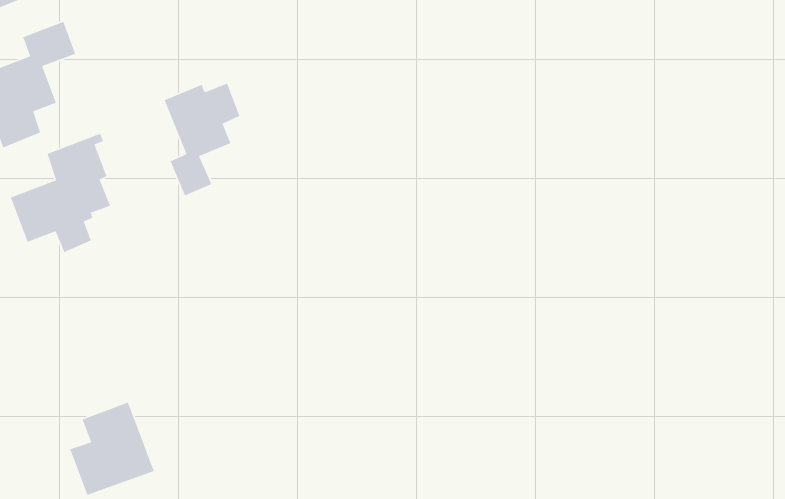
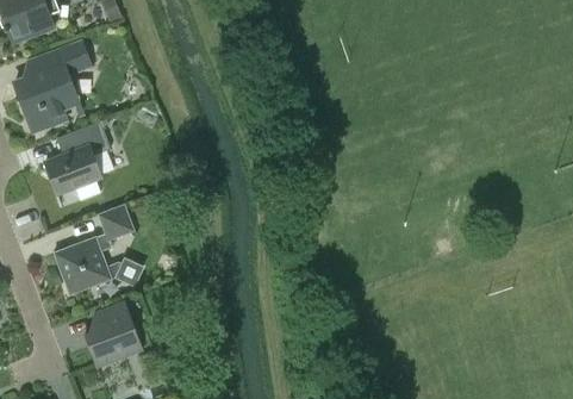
building: [164,83,241,196] -> none
building: none -> [51,202,143,294]

